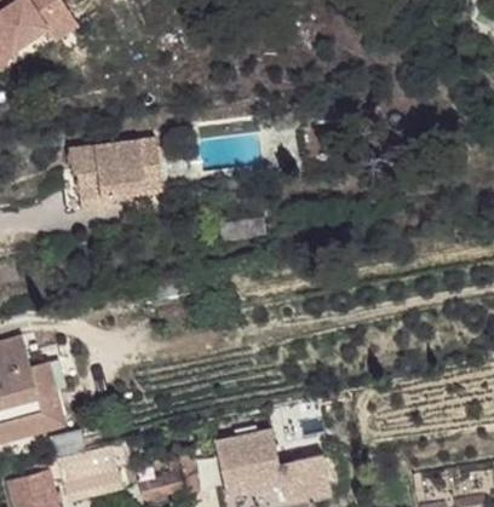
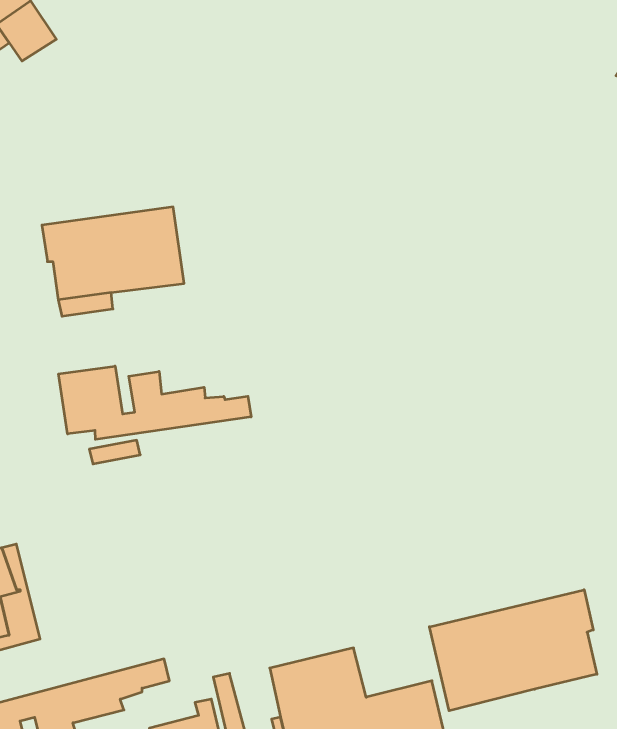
building: none -> [59,366,251,439]
building: none -> [429,590,597,711]

